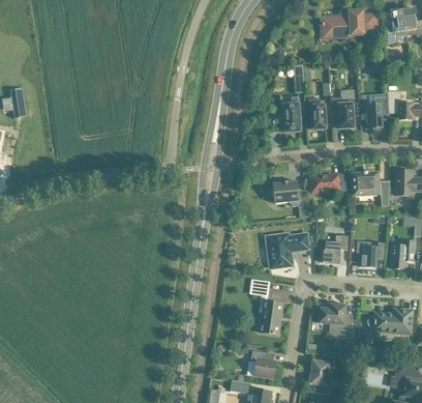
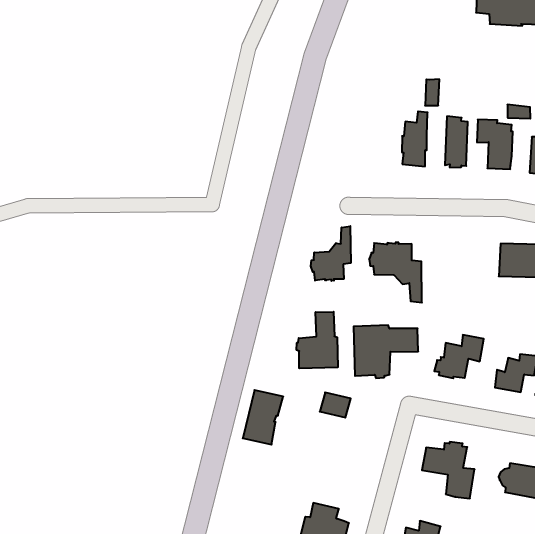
building: none -> [311,226,351,281]
building: [309,174,340,192] -> none
building: none -> [297,312,338,368]
building: [260,300,282,334] -> [243,390,283,445]

